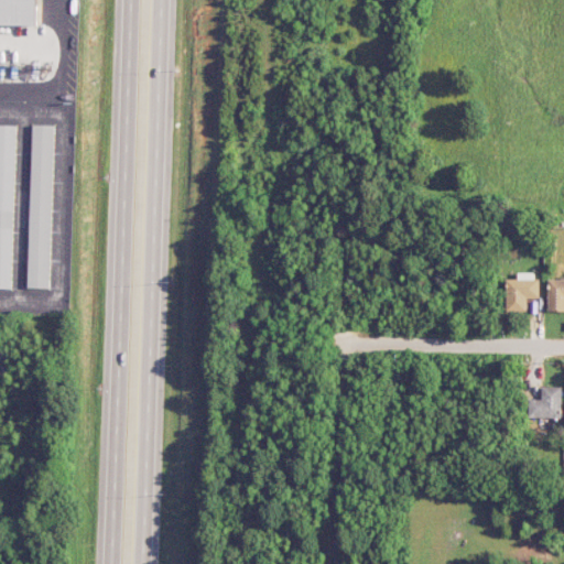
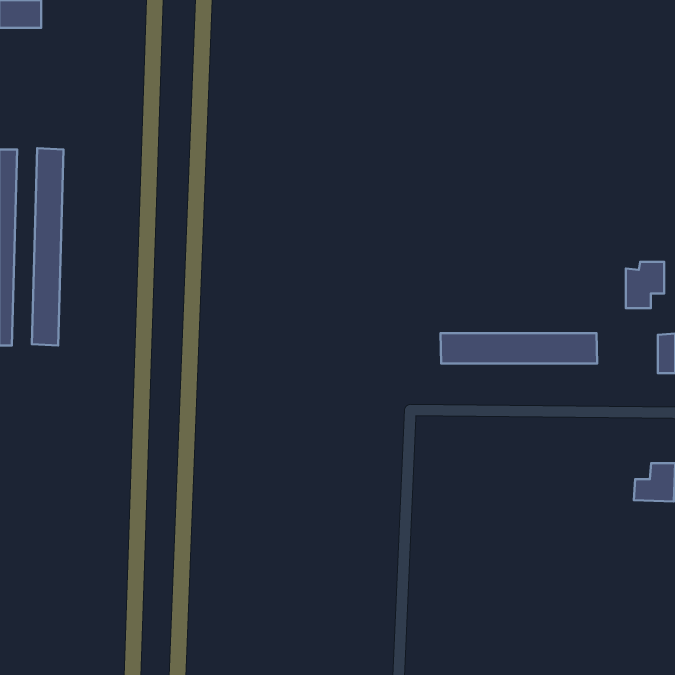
building: [506,273,538,312] -> [626,262,664,308]
building: none -> [441,333,597,364]

